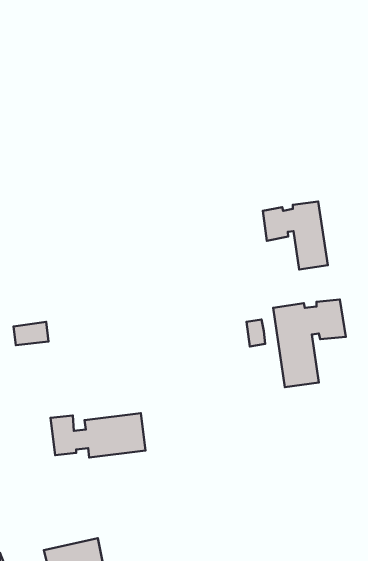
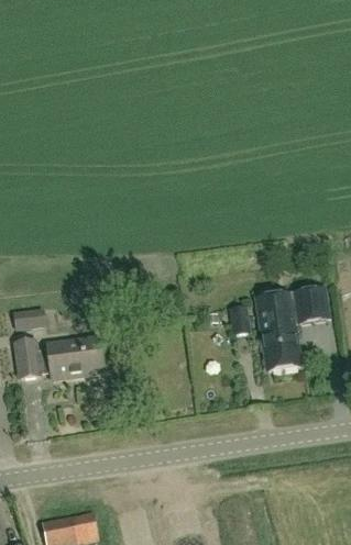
building: [263,201,328,270] -> none
building: [51,413,145,458] -> [15,337,105,379]

